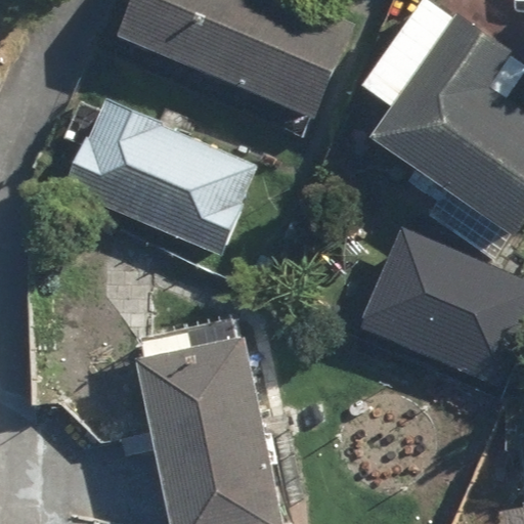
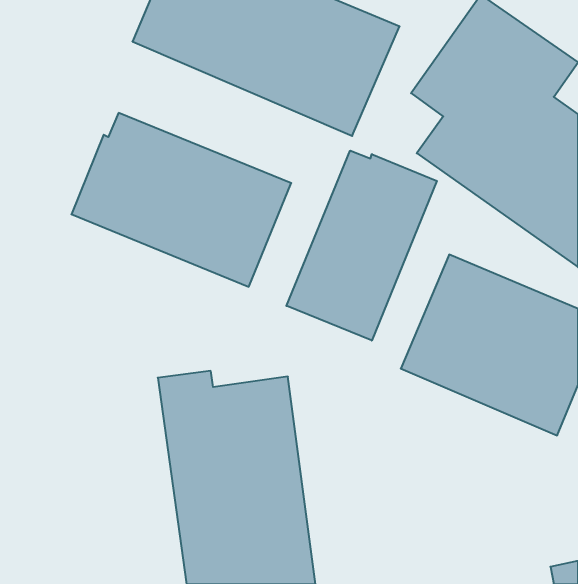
building: none -> [286,151,437,341]

